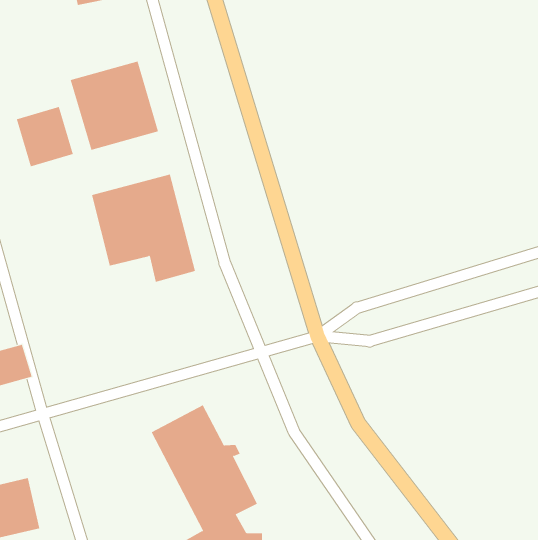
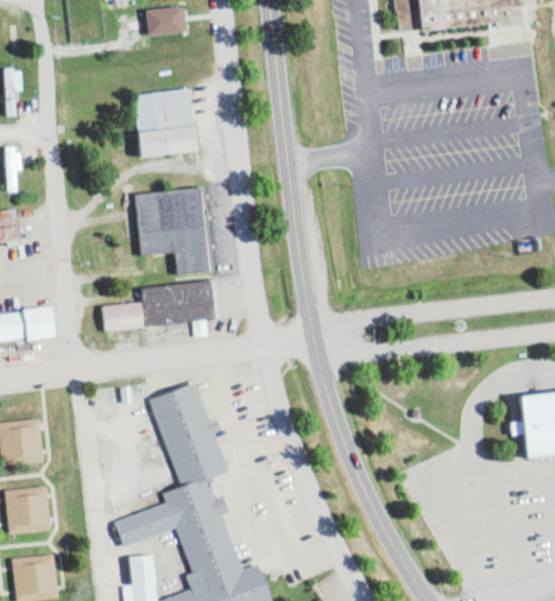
building: [16,106,73,167] -> none
building: none -> [99,281,216,330]

